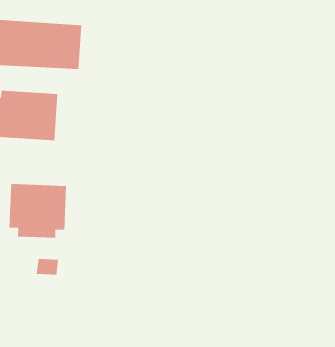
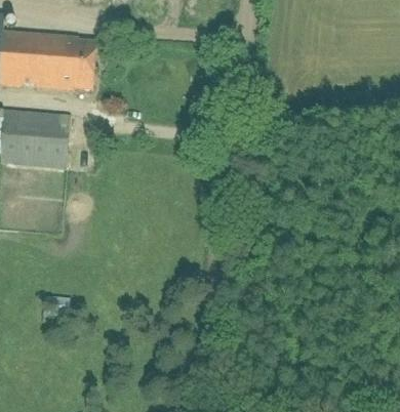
building: [9,183,67,238] -> none

